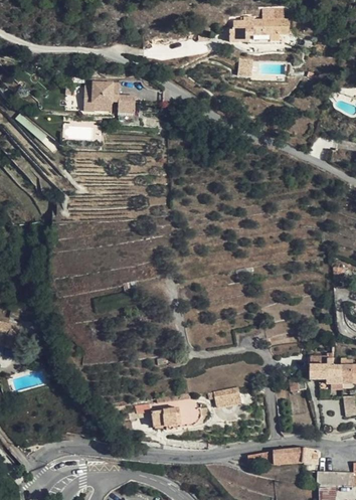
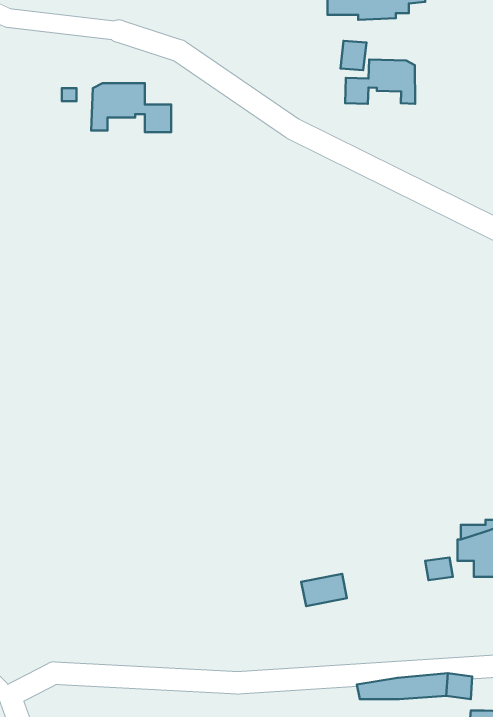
building: none -> [345,59,415,104]
building: [152,406,203,427] -> none

